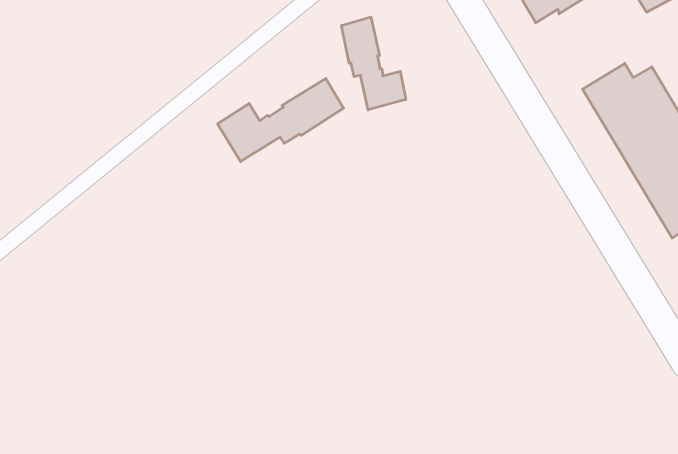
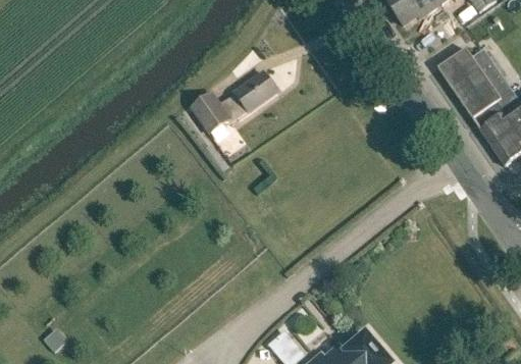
building: [342,17,406,110] -> none

